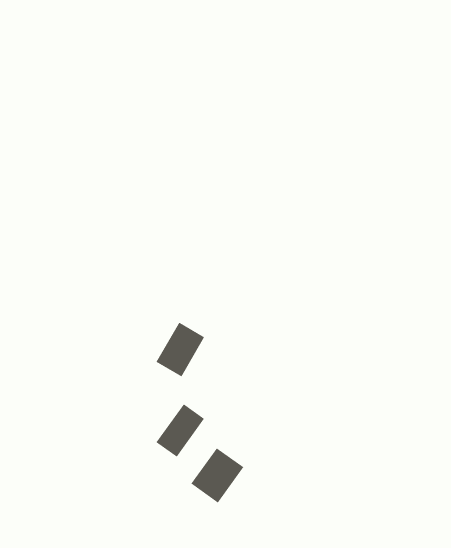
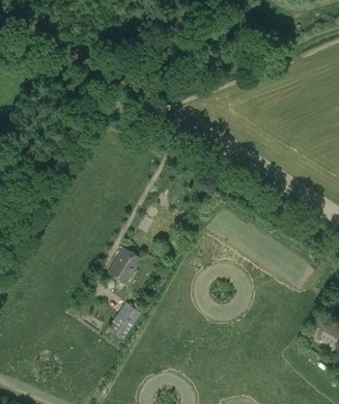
building: [191,447,244,503] -> none

